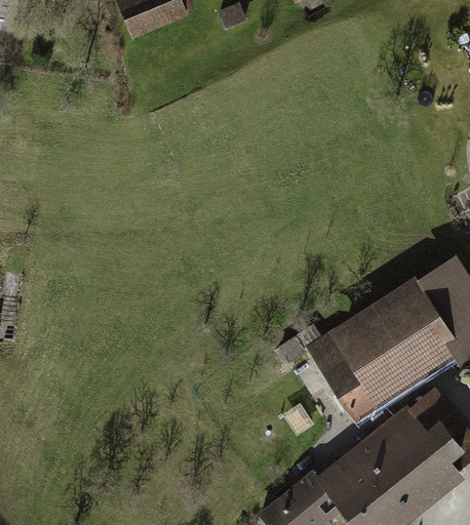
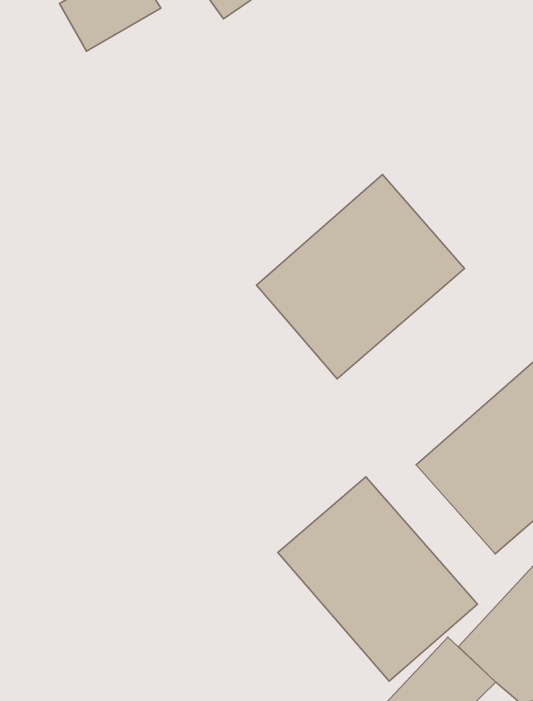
building: none -> [256,175,464,379]
building: none -> [278,477,478,681]

